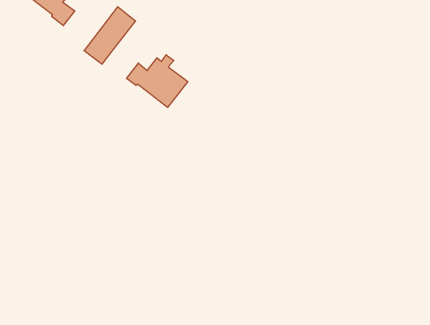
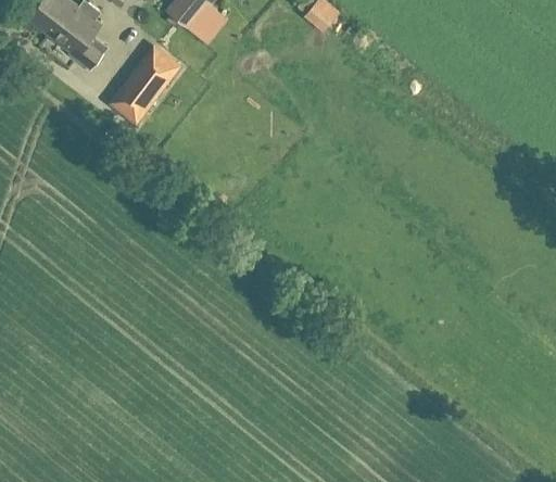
building: [127,55,188,107] -> none

